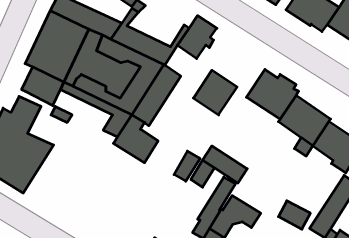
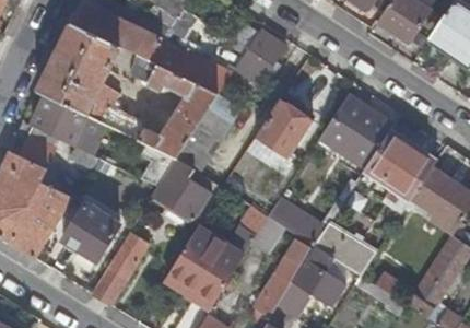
building: none -> [62,203,119,260]
building: none -> [314,220,376,274]
building: none -> [91,231,148,305]
building: none -> [166,232,240,313]

